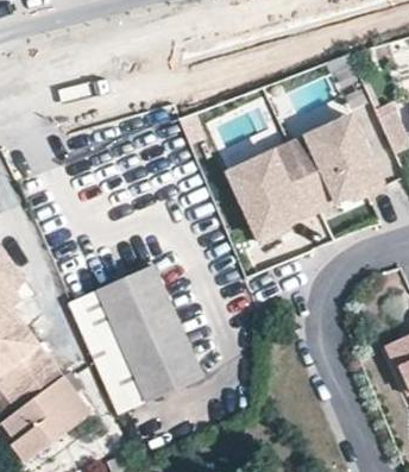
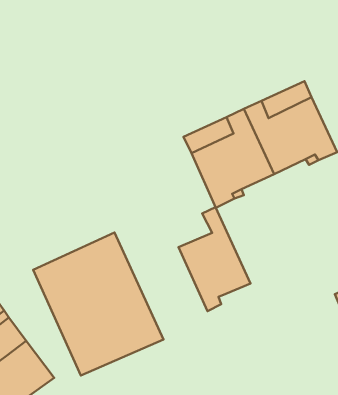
building: none -> [178,207,250,311]

